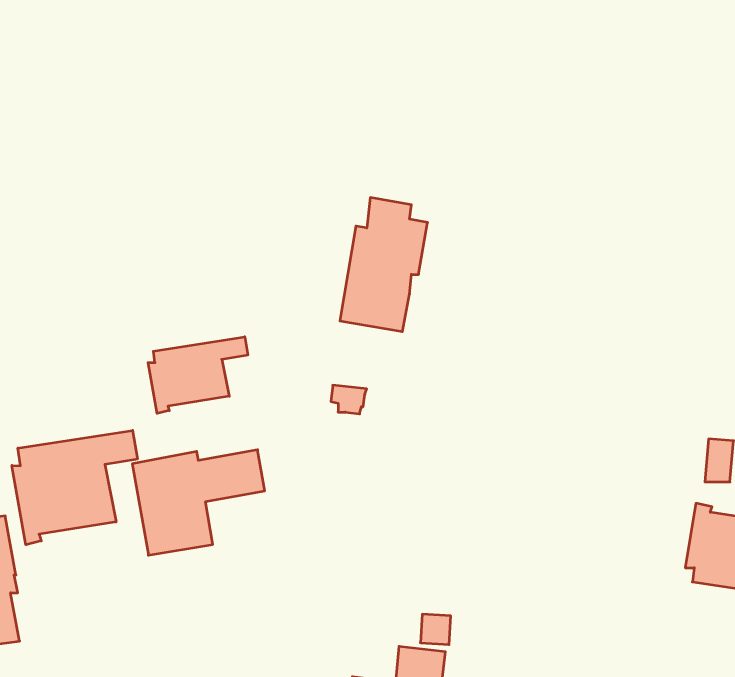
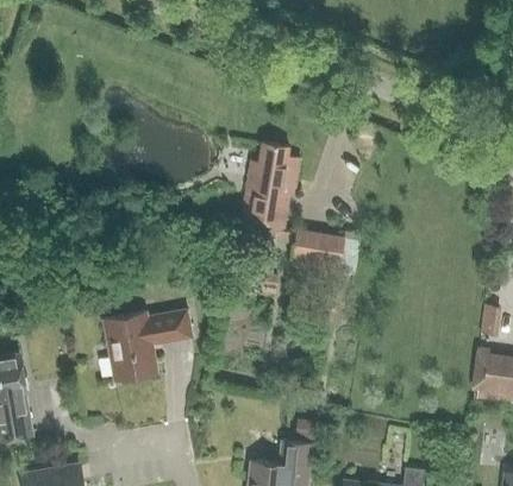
building: none -> [273,228,345,271]
building: [148,337,248,413] -> none
building: [12,430,137,545] -> none

